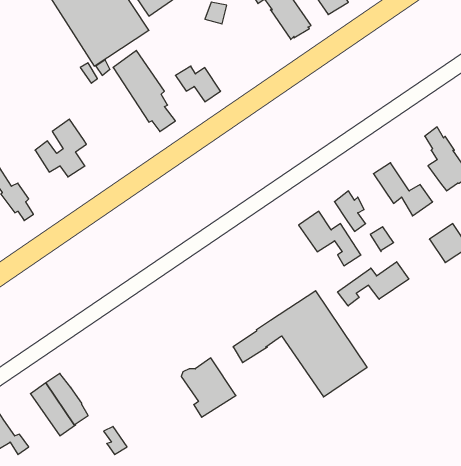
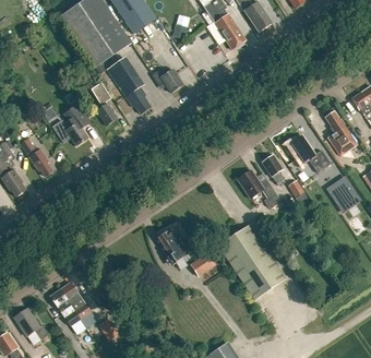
building: none -> [91,83,117,126]
building: [338,262,409,306] -> none
building: [181,358,236,417] -> [157,224,195,265]

